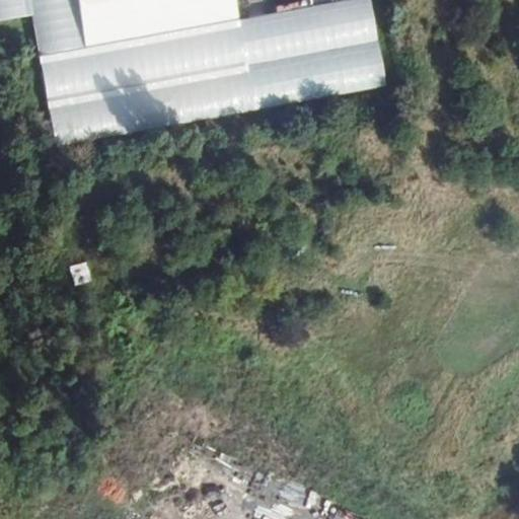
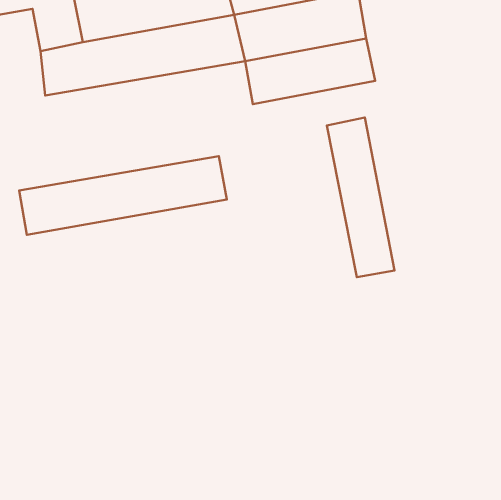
building: [47,63,261,144] -> [19,156,227,235]
building: none -> [327,118,394,277]

